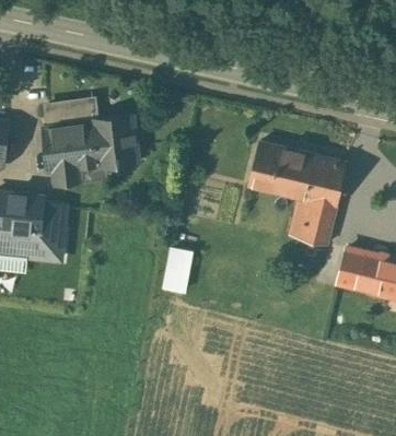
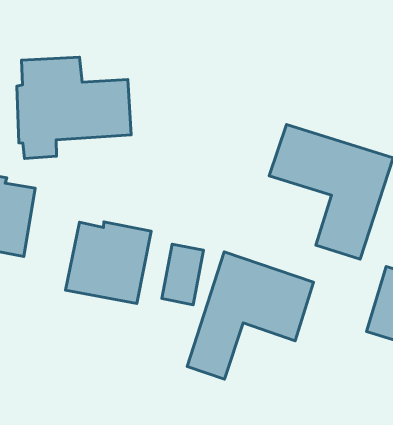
building: none -> [66,222,151,303]
building: none -> [187,252,314,379]

